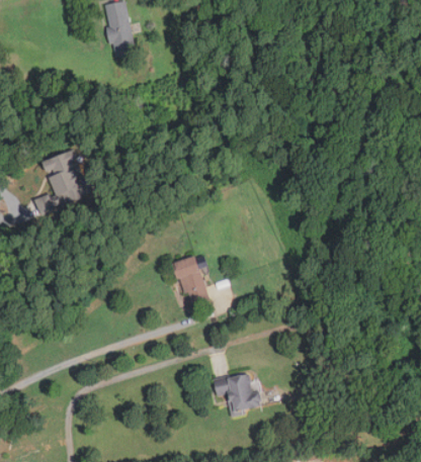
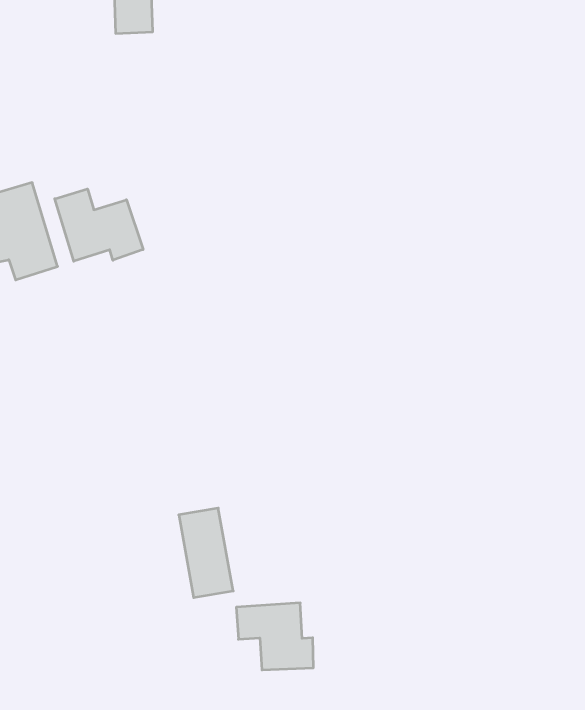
building: none -> [55,189,143,261]
building: [173,255,208,307] -> [179,508,233,598]

